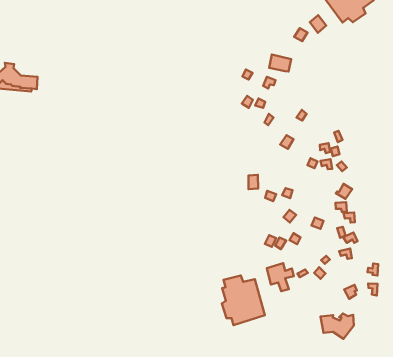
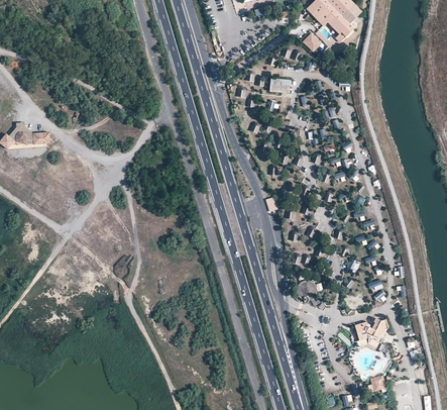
building: [222,276,265,325] -> none

